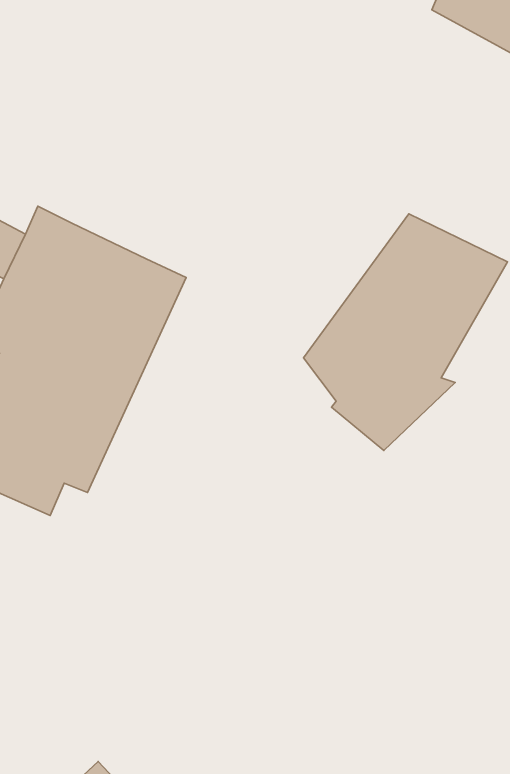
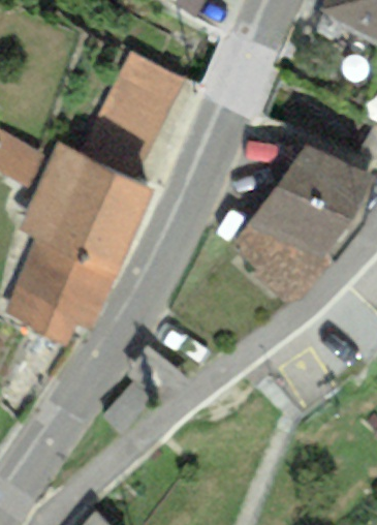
building: none -> [82,52,184,175]

